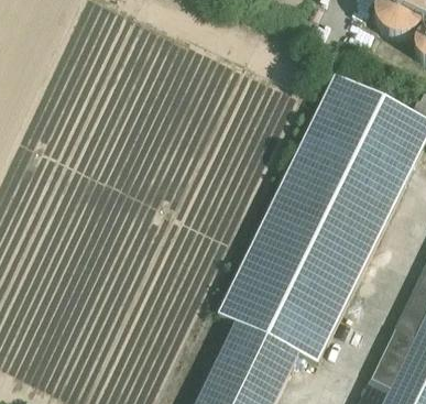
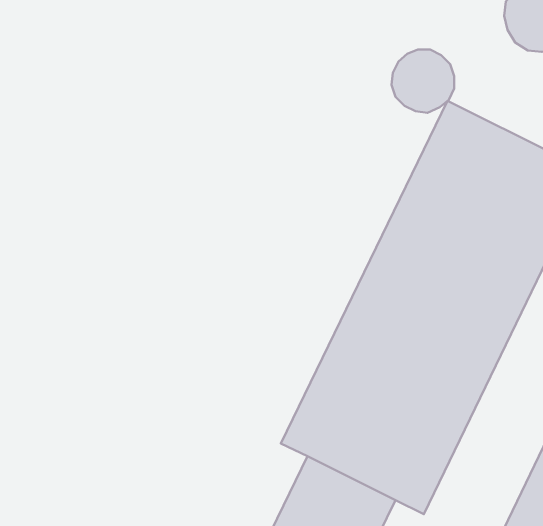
building: none -> [391,50,454,113]

